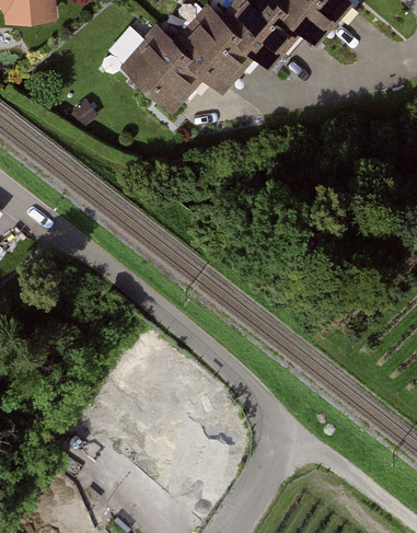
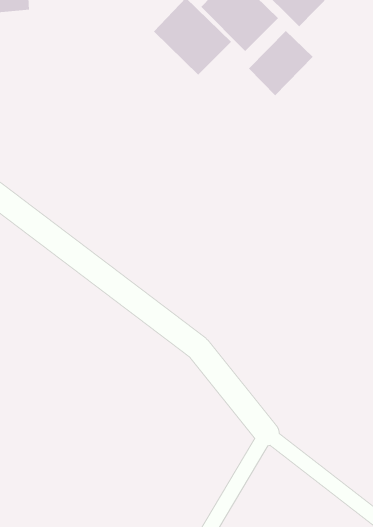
building: [124,30,200,105] -> none
building: none -> [248,30,314,96]

